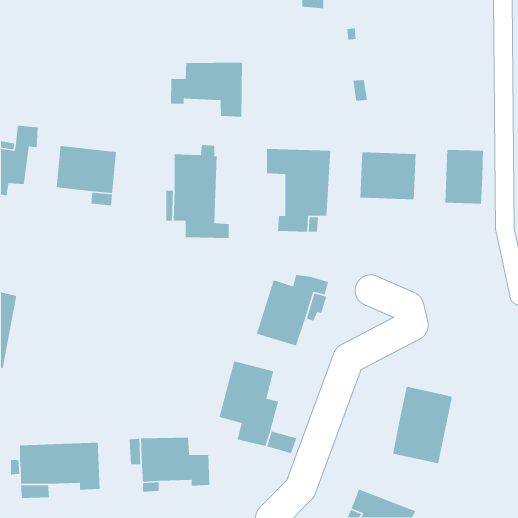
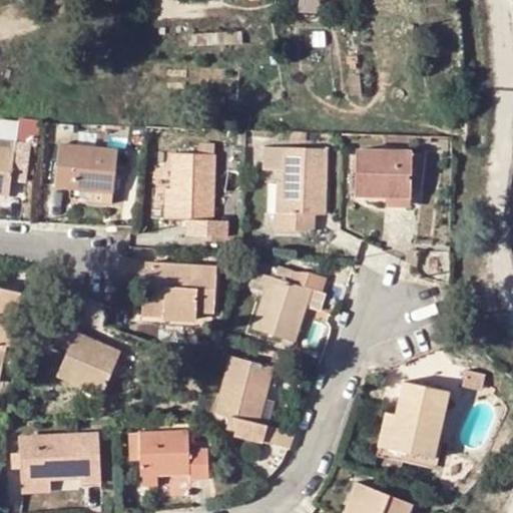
building: [170,62,243,117] -> none
building: [444,149,484,204] -> none
building: none -> [142,263,215,320]
building: none -> [55,316,119,393]
building: none -> [375,412,434,467]

